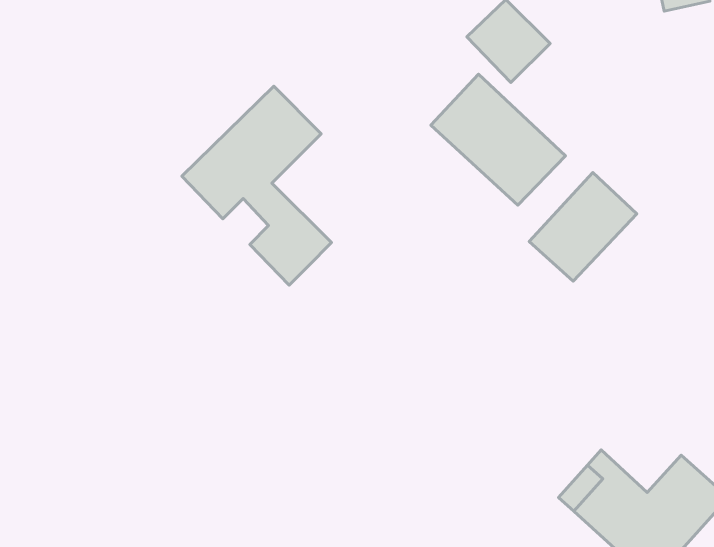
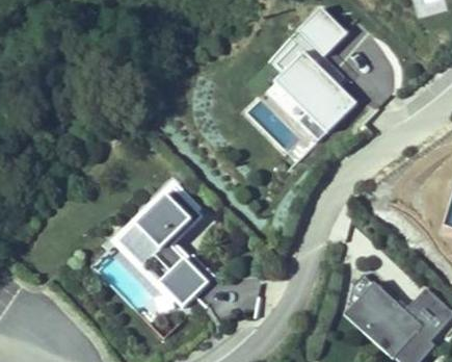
building: [182,86,332,285] -> [116,186,208,308]
building: [529,173,637,281] -> none

